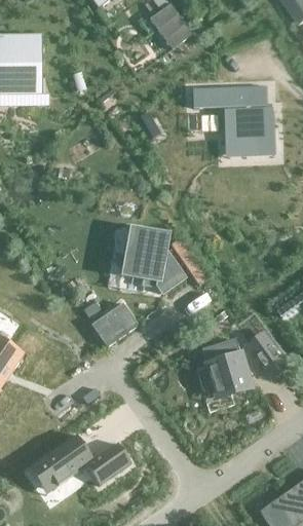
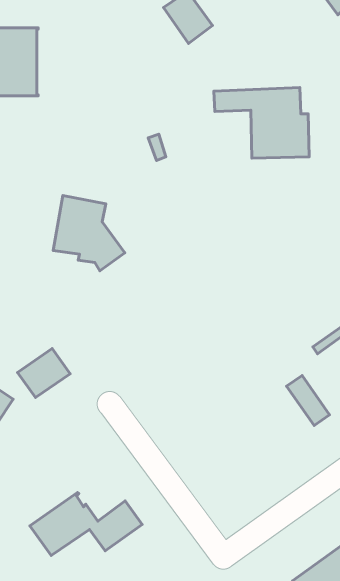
building: [121,228,183,293] -> [53,196,125,271]
building: [93,301,139,343] -> [18,349,70,398]
building: [200,338,247,392] -> none

